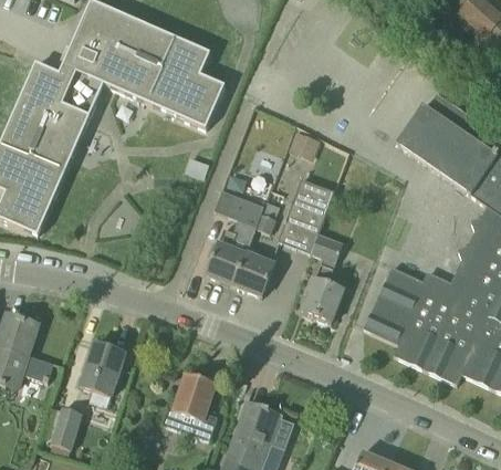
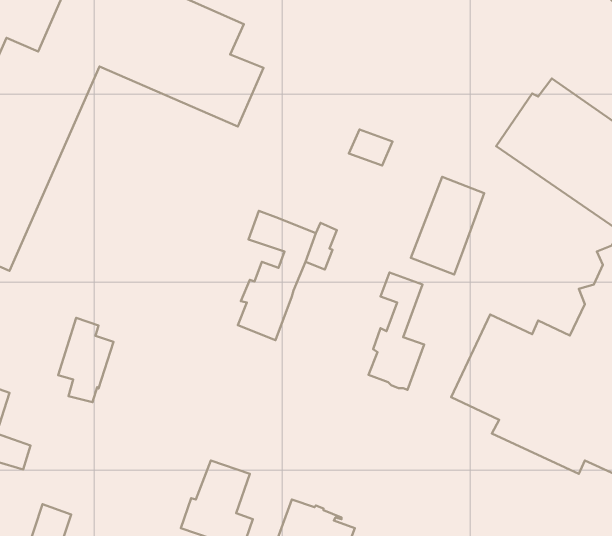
building: [279,180,333,252] -> [411,177,484,274]
building: [233,248,274,295] -> none
building: [81,343,122,405] -> [58,318,114,402]

